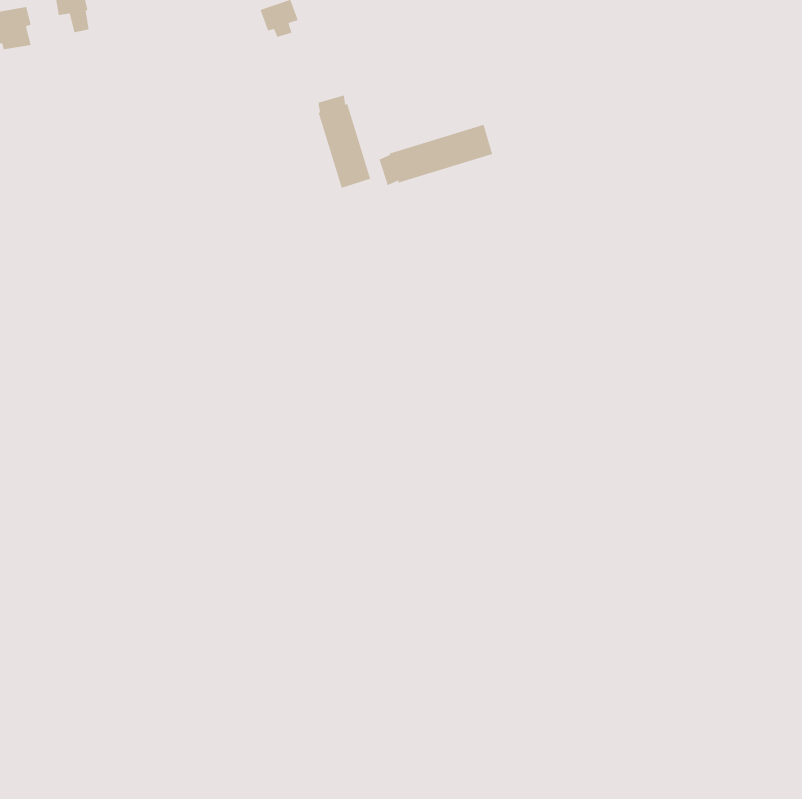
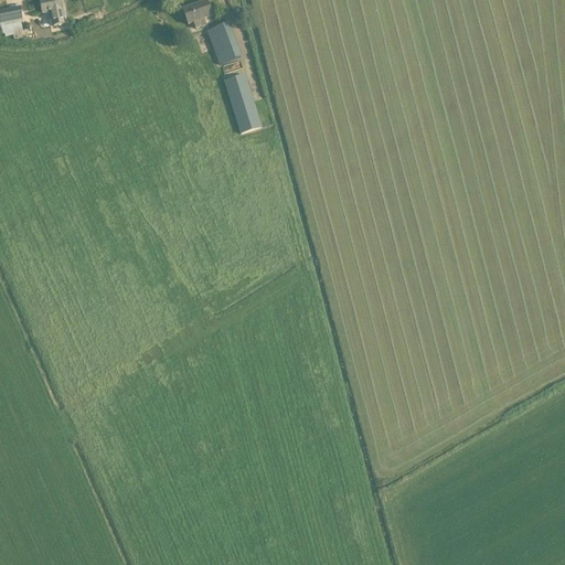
building: none -> [205,20,241,63]
building: [378,124,493,186] -> none

